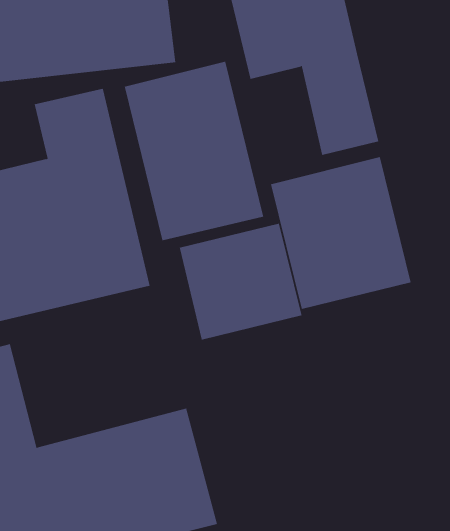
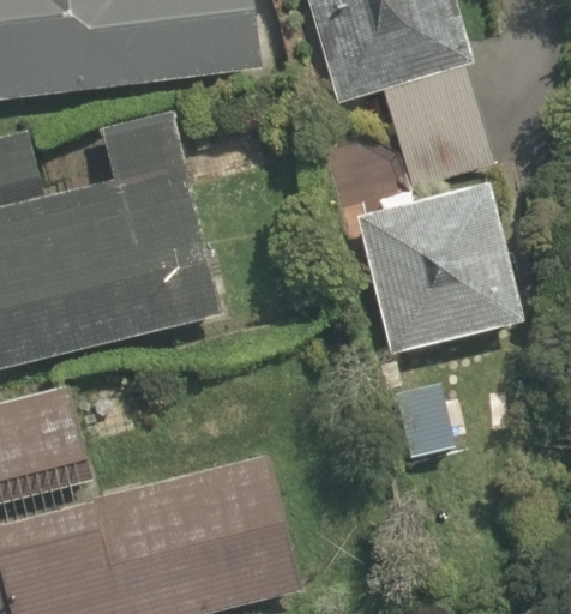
building: [124,61,264,241] -> none
building: [179,223,302,340] -> none

